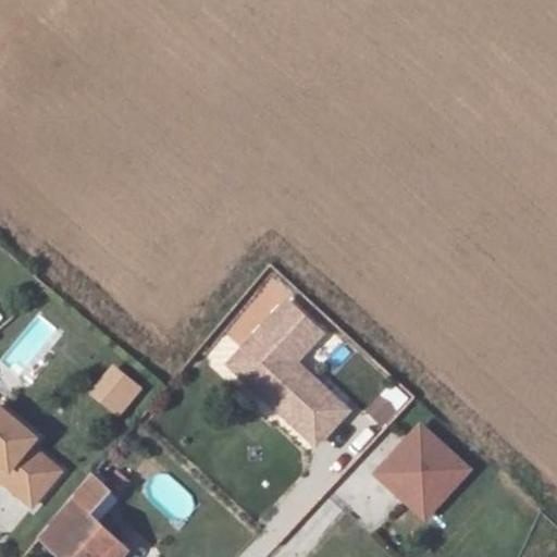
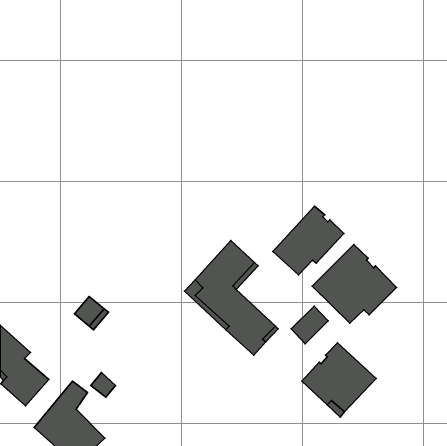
building: none -> [273,206,344,275]
building: none -> [312,245,397,323]

